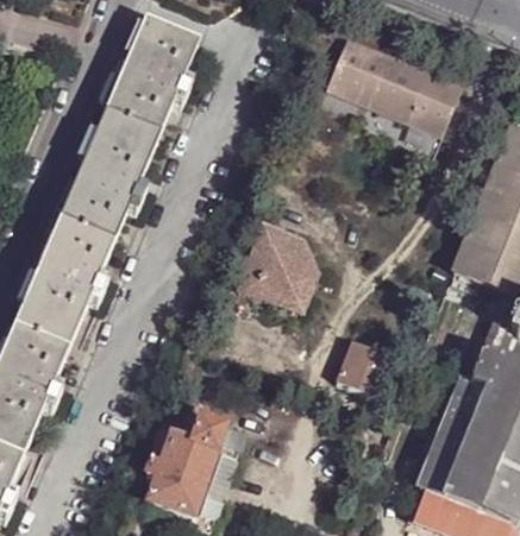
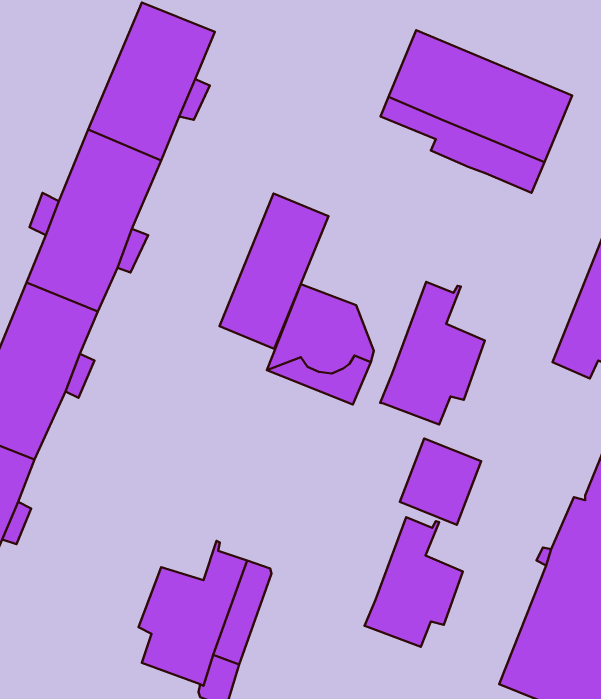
building: none -> [219,194,328,349]
building: none -> [380,282,485,424]
building: none -> [364,517,463,647]

